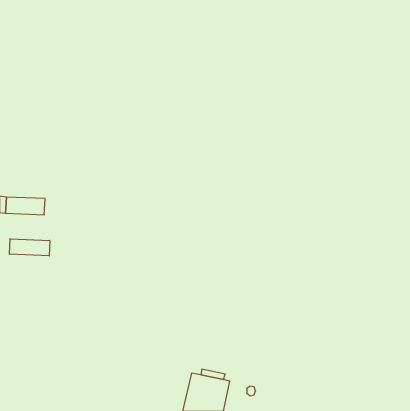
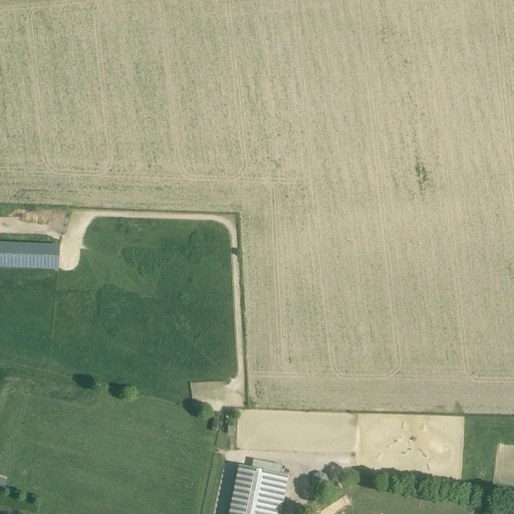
building: [10,239,50,256] -> none

